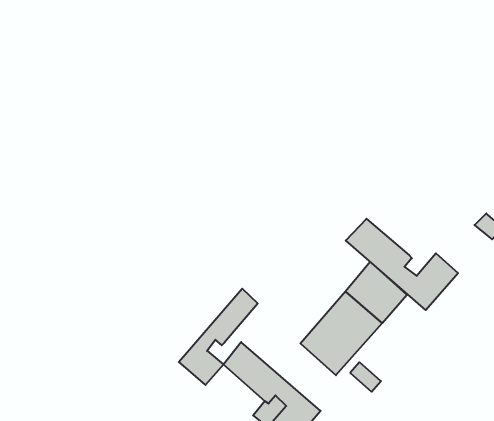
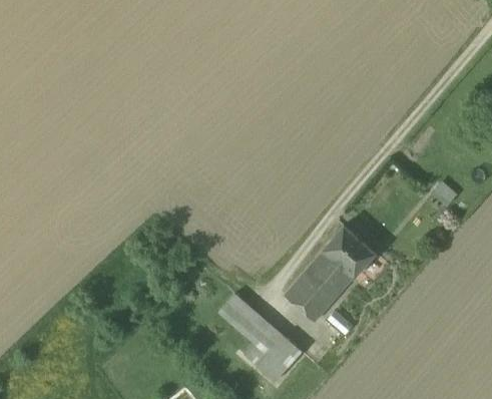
building: [346,219,458,310] -> none
building: [179,289,258,385] -> none

